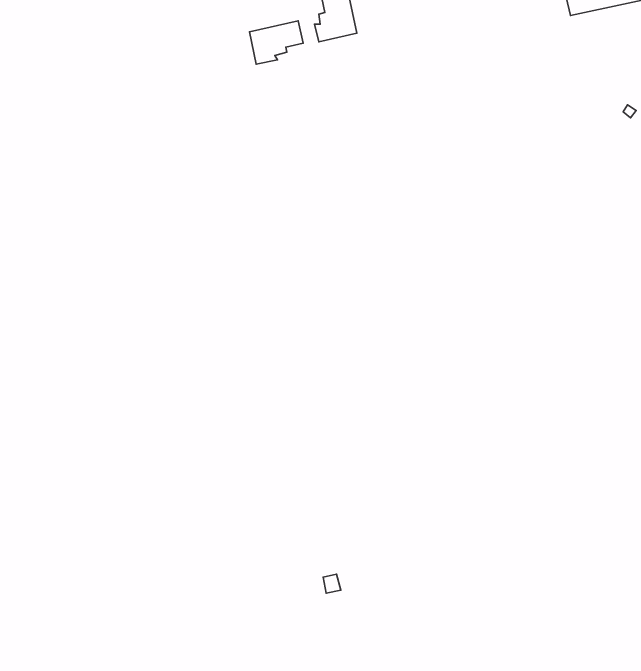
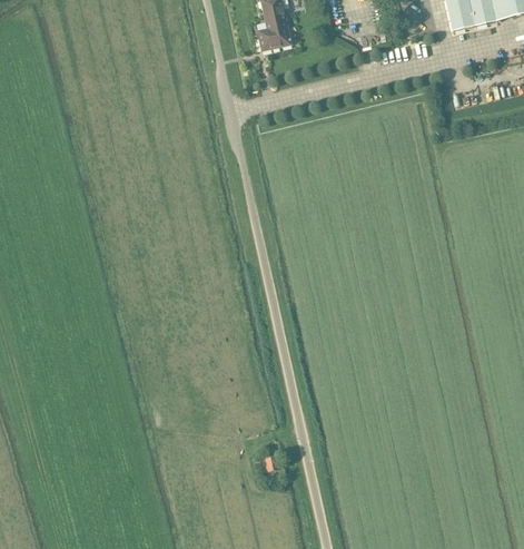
building: [249,21,303,64] -> none

